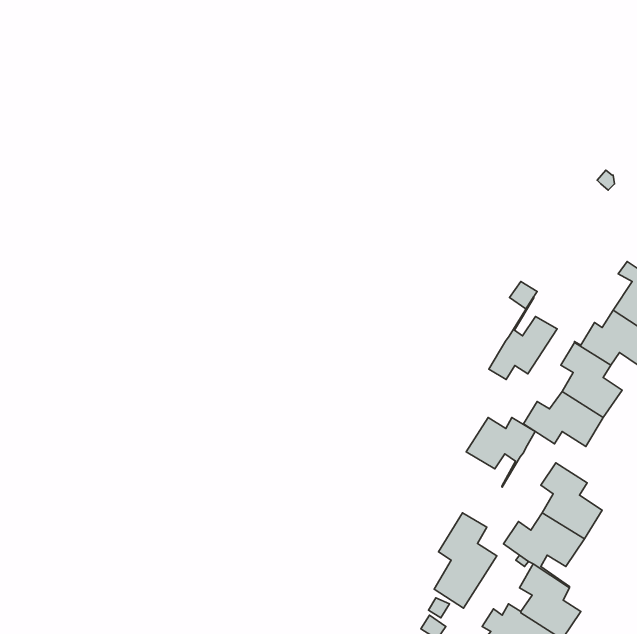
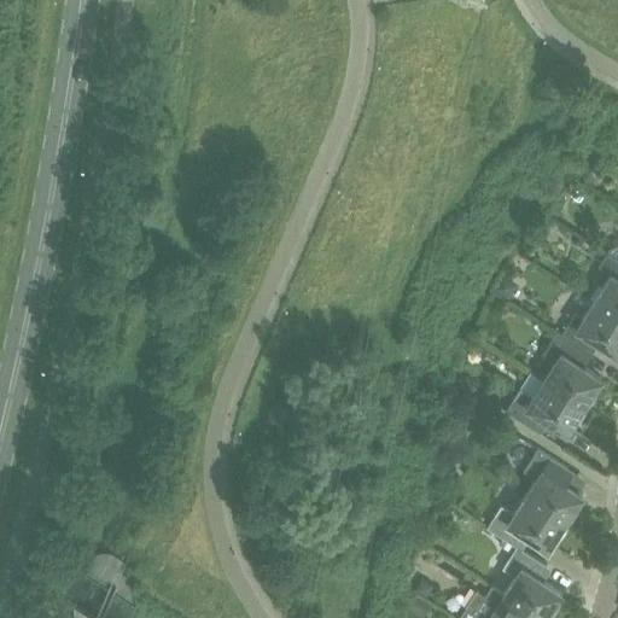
building: [489,297,557,380] -> none
building: [466,418,535,487] -> none
building: [434,513,497,608] -> none

